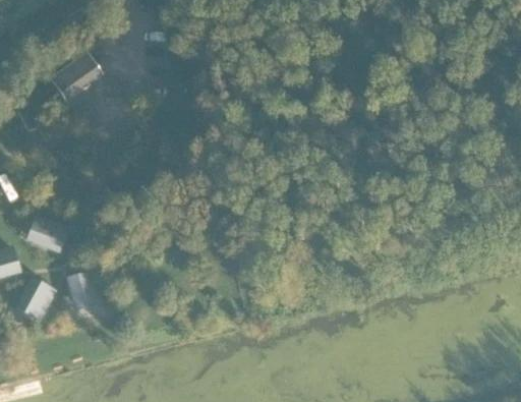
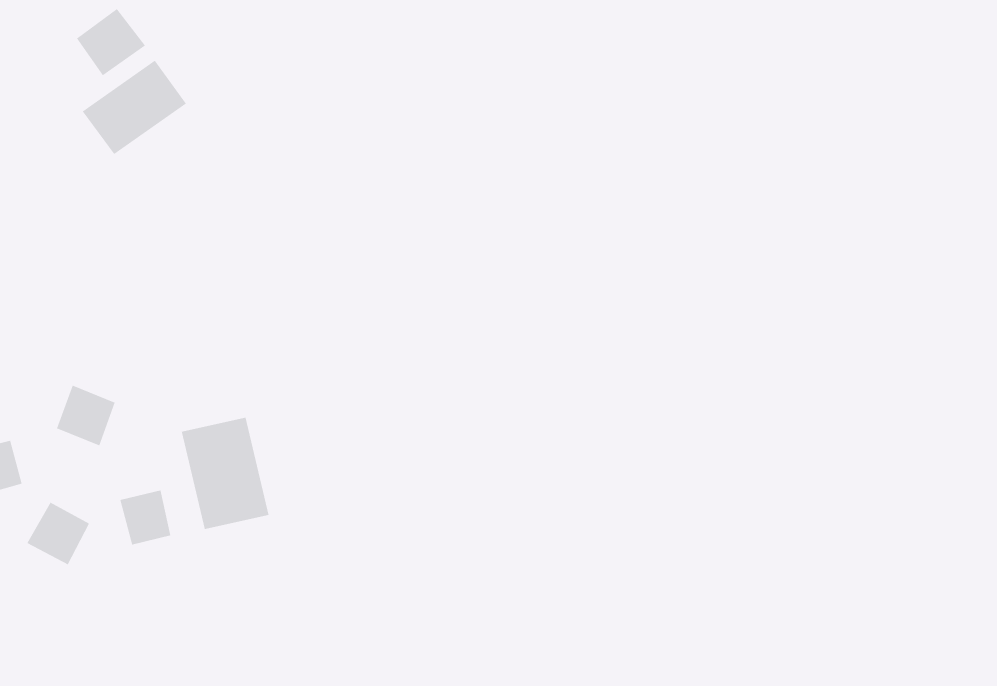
building: none -> [76,8,146,76]
building: none -> [181,417,269,530]

